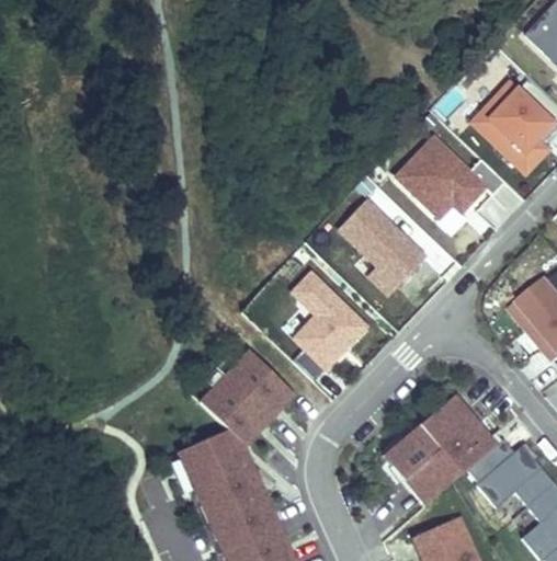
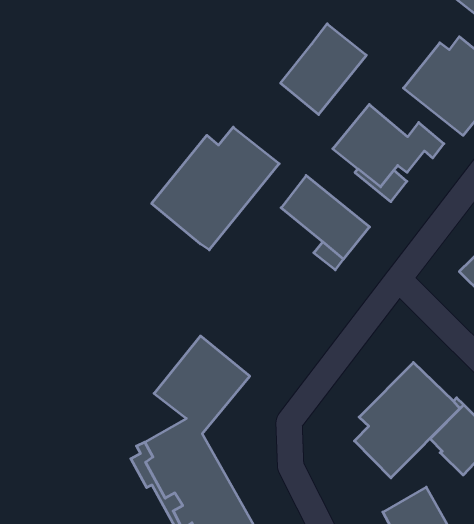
building: none -> [281,24,366,115]
building: none -> [152,127,279,250]
building: [293,276,367,381] -> none

